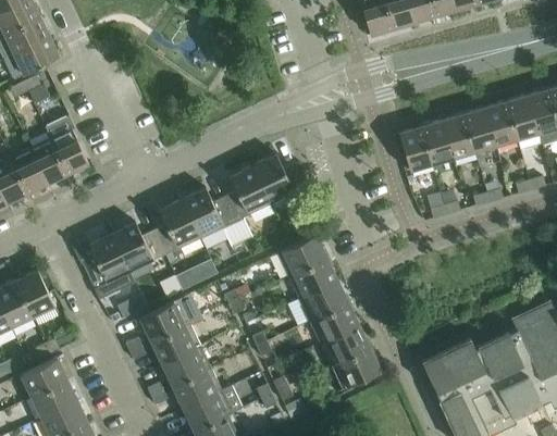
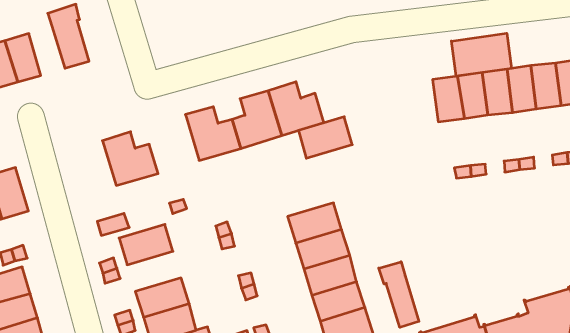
building: none -> [451,33,512,76]
building: [30,138,67,184] -> none
building: [153,199,200,256] -> none
building: [82,234,135,300] -> none
building: [276,234,326,276] -> [298,117,352,158]
building: none -> [379,262,419,327]
building: [150,323,200,364] -> none

